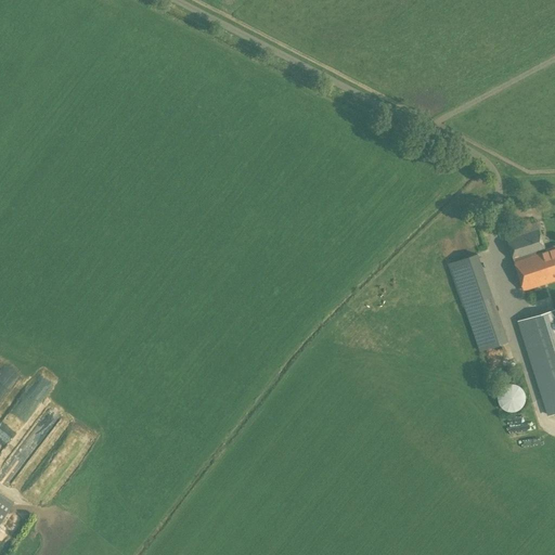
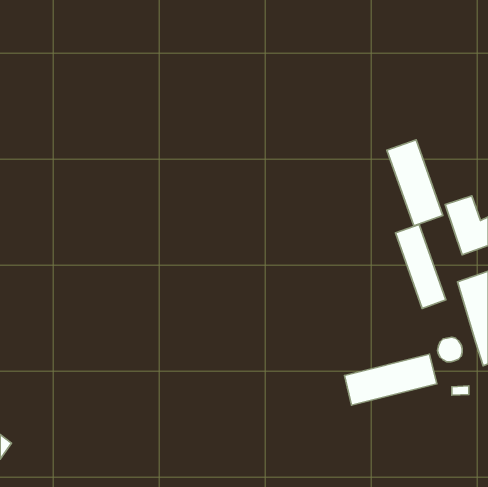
building: none -> [387,140,443,226]
building: none -> [344,354,437,405]

